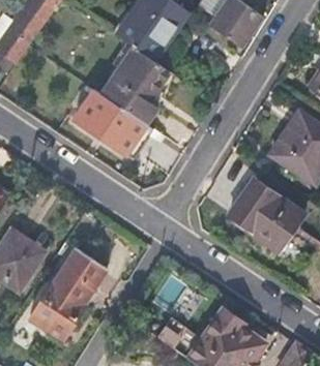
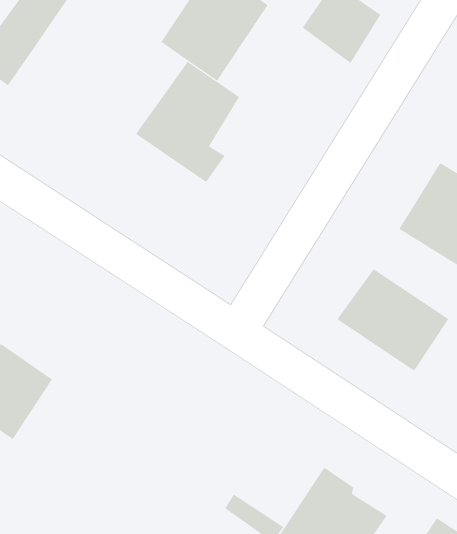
building: [76,90,153,159] -> none
building: [30,248,108,340] -> none

